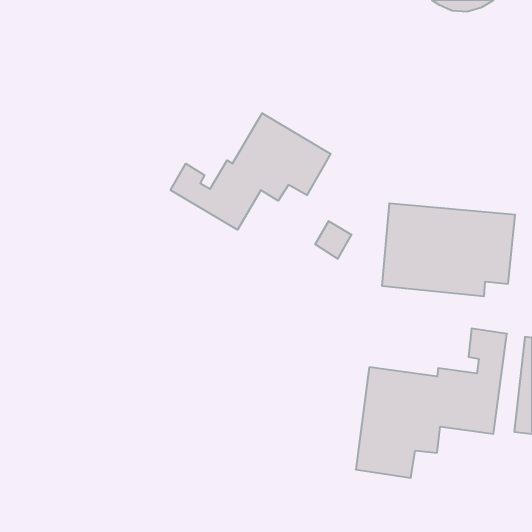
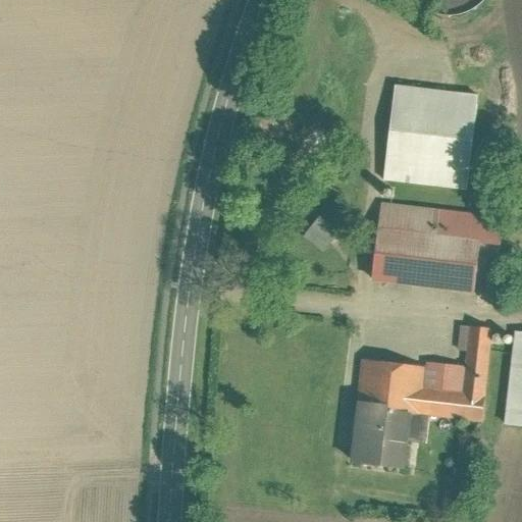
building: none -> [383,85,478,187]
building: [171,113,331,230] -> none

